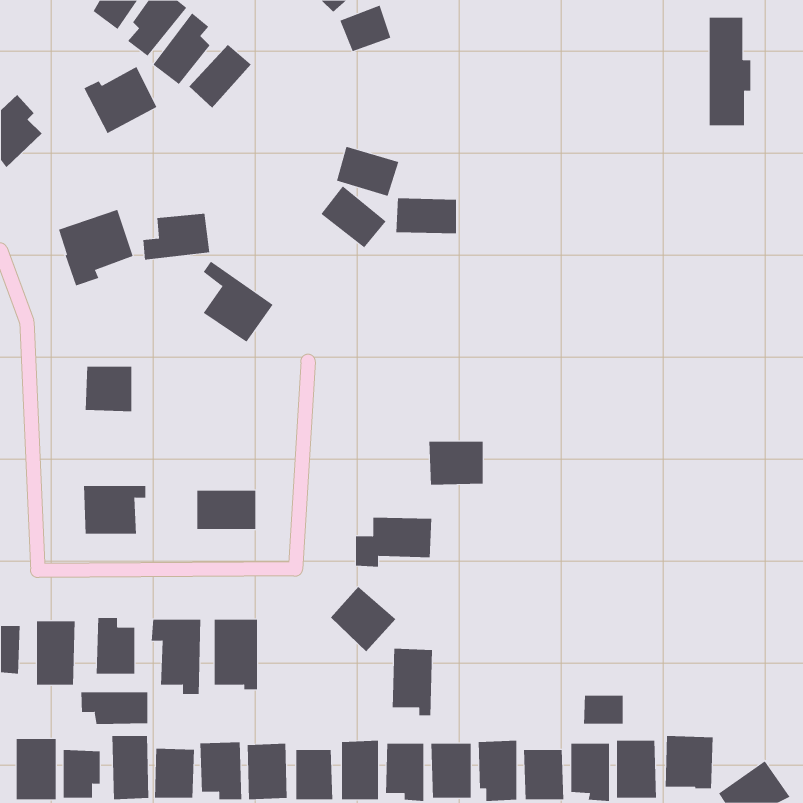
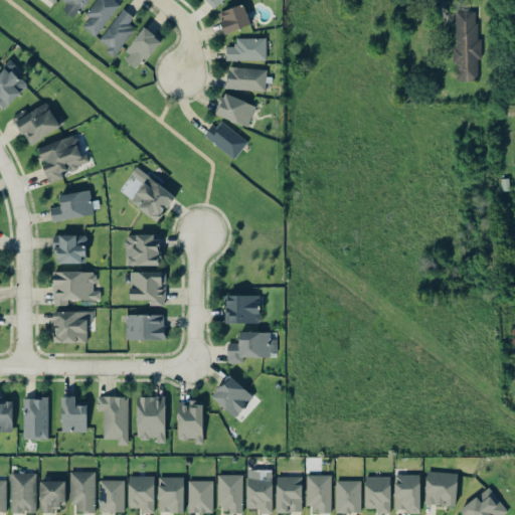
building: none -> [225,37,267,60]
building: [83,66,157,134] -> [12,102,59,145]
building: [396,198,457,234] -> [226,67,266,91]
building: [142,213,210,260] -> [50,190,94,220]
building: none -> [126,234,159,265]
building: none -> [52,271,101,305]
building: none -> [130,271,165,305]
building: [428,441,483,485] -> [224,295,260,323]
building: [392,648,433,716] -> [177,400,203,444]
building: [81,692,148,725] -> none
building: [583,695,623,725] -> none

